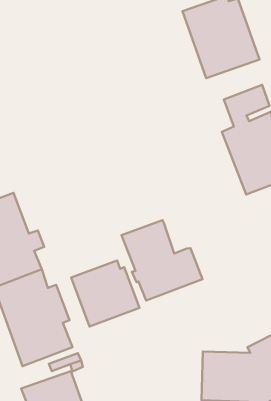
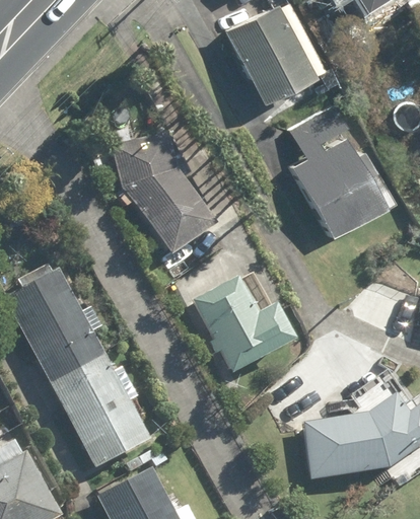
building: none -> [112,136,218,262]
building: [71,260,140,326] -> none

